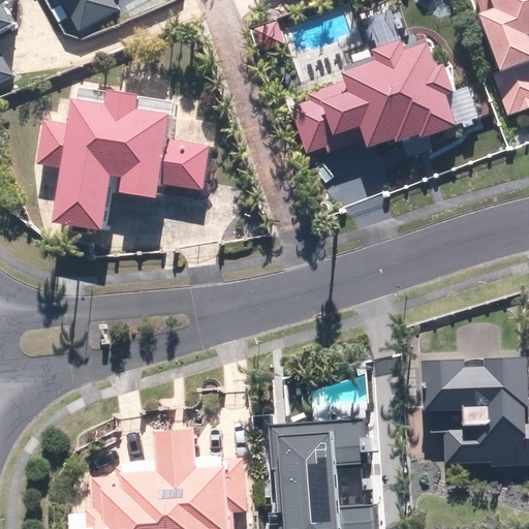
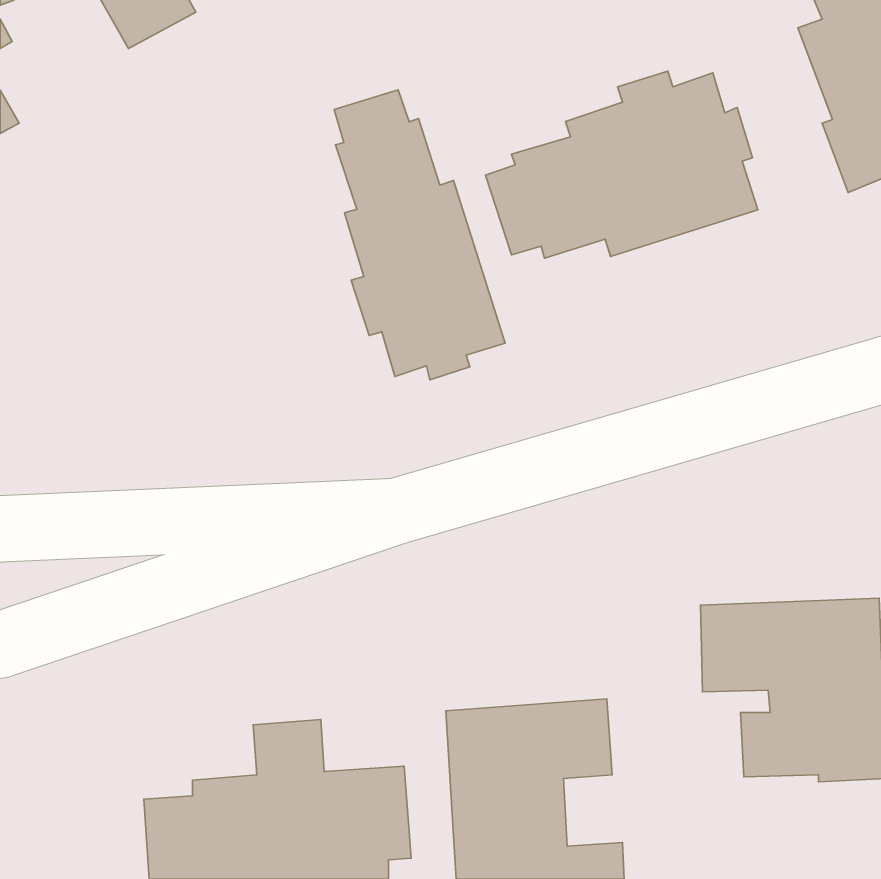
building: none -> [334,90,505,380]
building: [37,94,211,232] -> none

